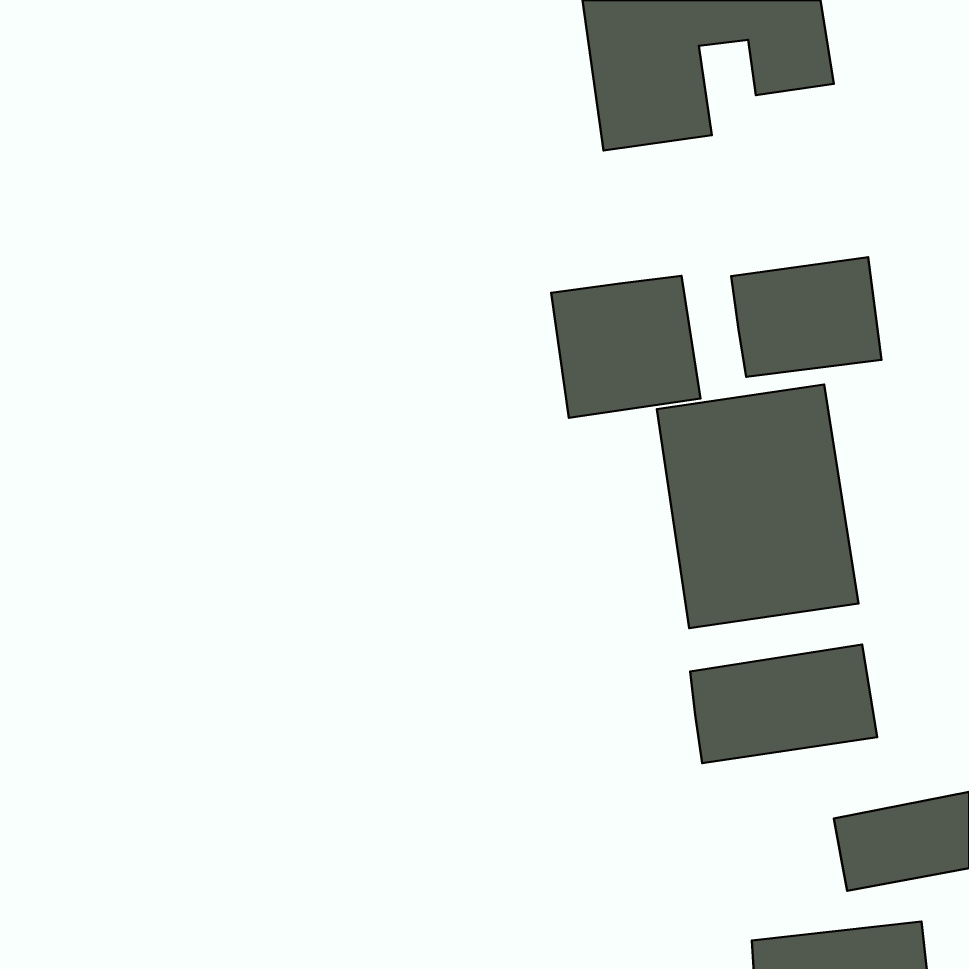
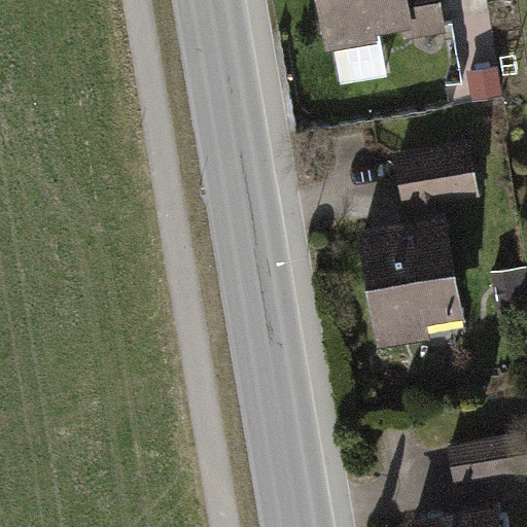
building: [551,276,701,418] -> none
building: [690,645,877,763] -> none

